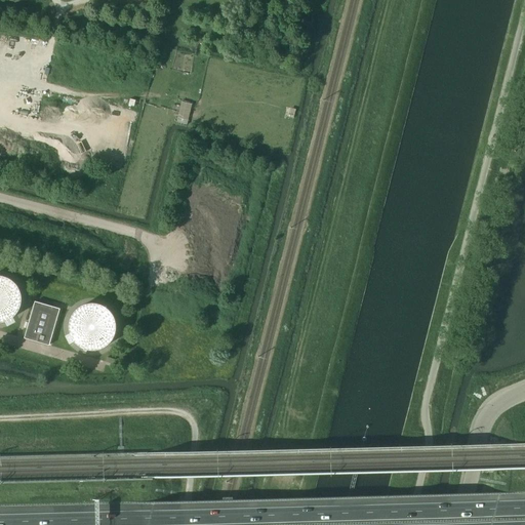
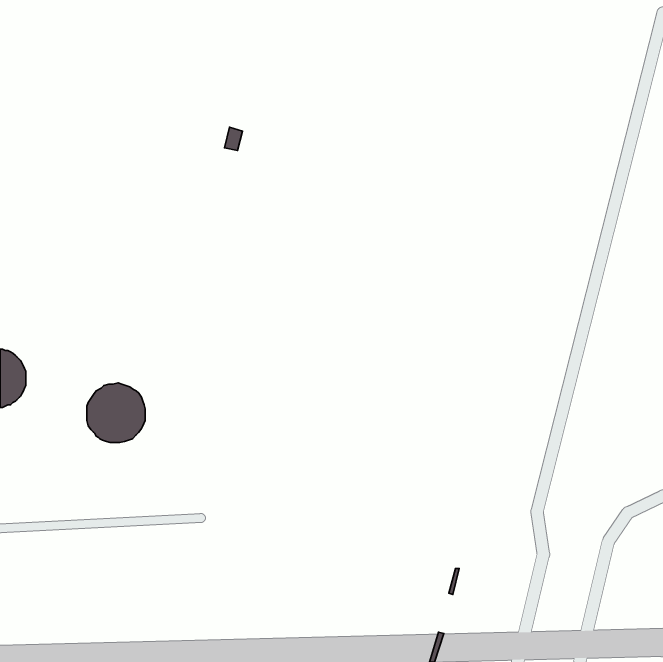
building: [24,300,59,345] -> none

